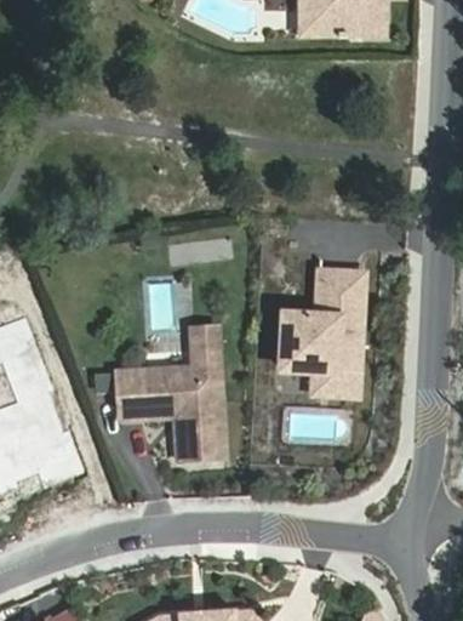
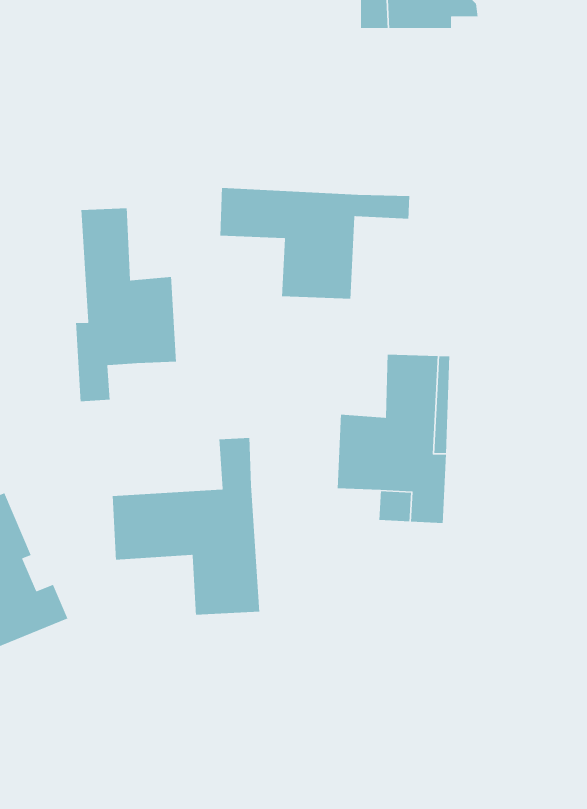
building: none -> [220,187,410,300]
building: none -> [75,207,177,402]

